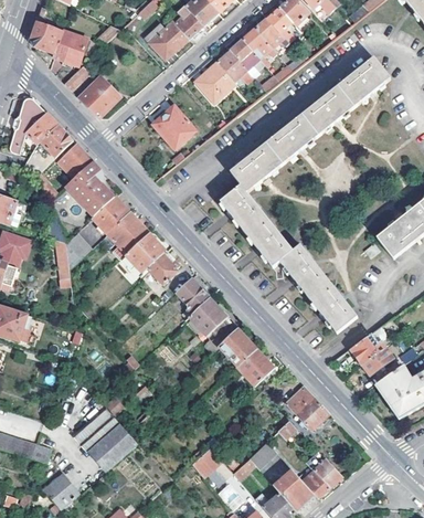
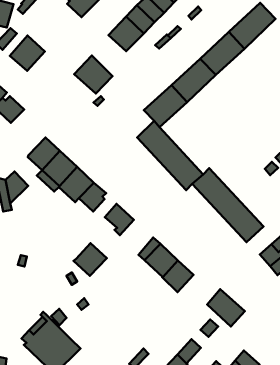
building: [66,160,114,213] -> none
building: [188,297,226,335] -> [74,243,107,276]

